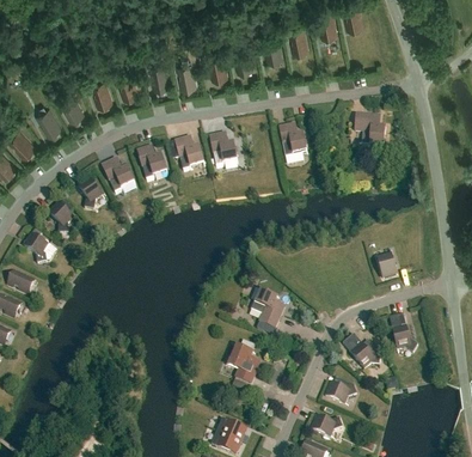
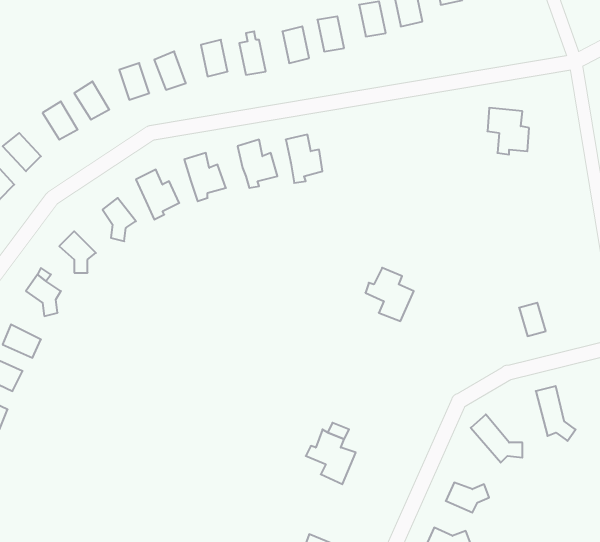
building: [280,123,307,158] -> none
building: [250,290,284,328] -> [365,268,414,321]

